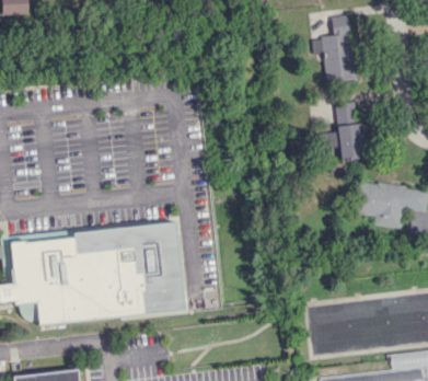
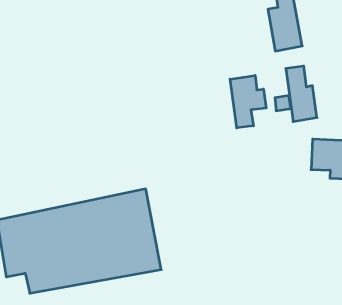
building: none -> [230,75,266,128]

